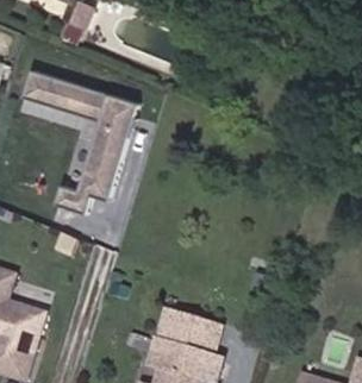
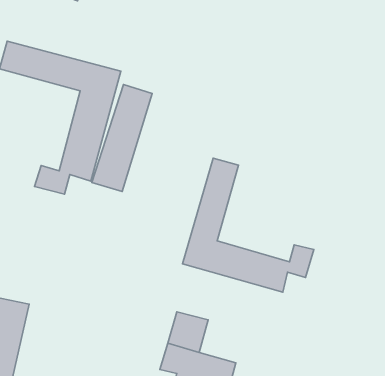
building: none -> [183,158,314,292]

